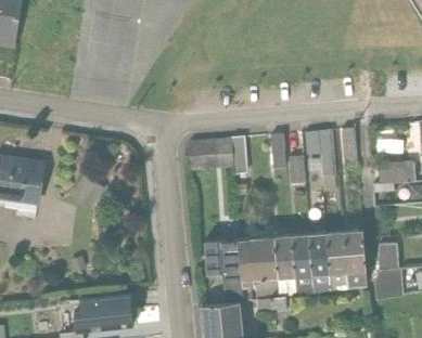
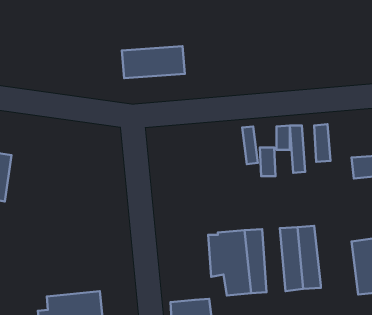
building: [183,140,245,171] -> [122,46,185,78]
building: [342,229,367,289] -> none
building: [291,233,314,296] -> none
building: [203,239,243,303] -> none

